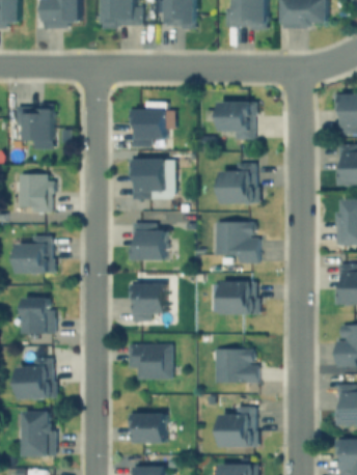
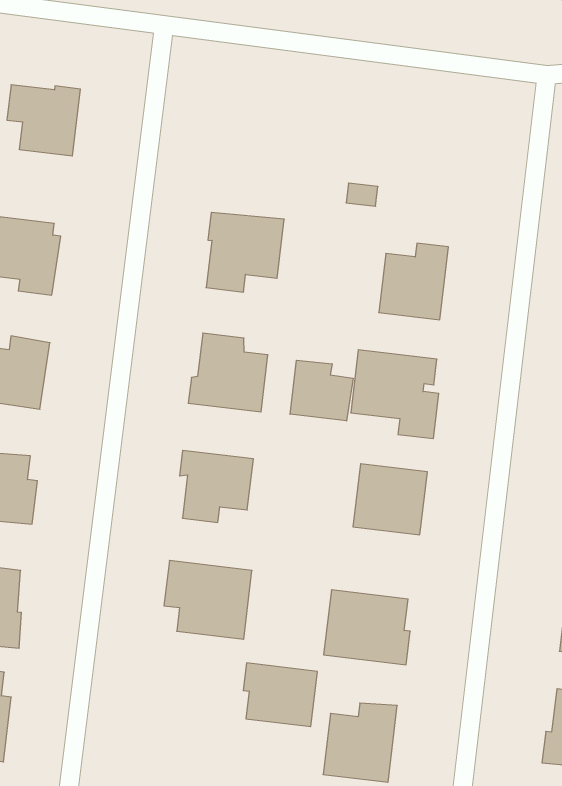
building: [221,101,257,138] -> none
building: [129,110,166,146] -> none
building: none -> [290,360,353,421]
building: [129,414,166,443] -> [243,663,317,727]

